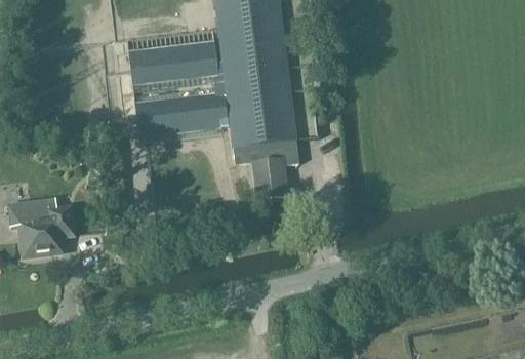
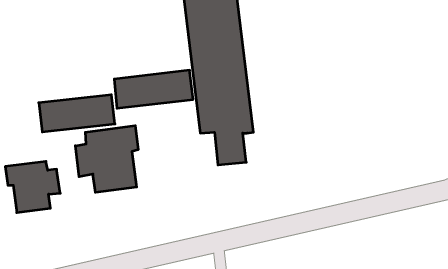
building: [129,42,217,85] -> [39,95,115,132]
building: none -> [75,126,138,192]

